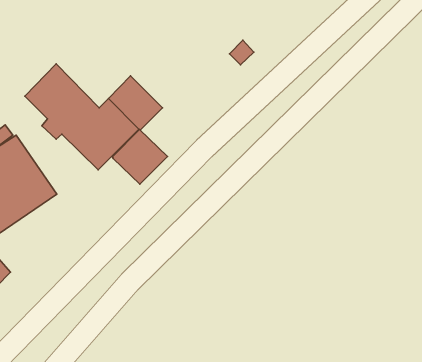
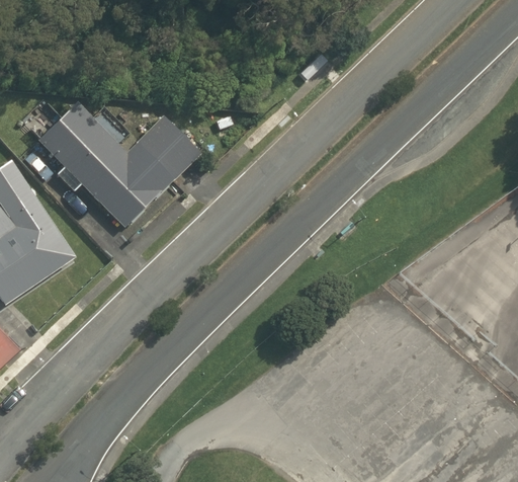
building: [113,129,167,184] -> none

